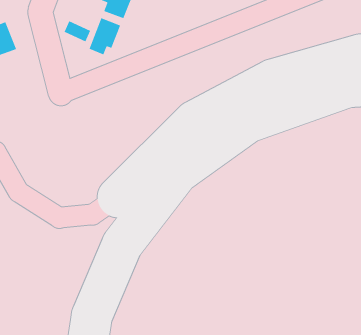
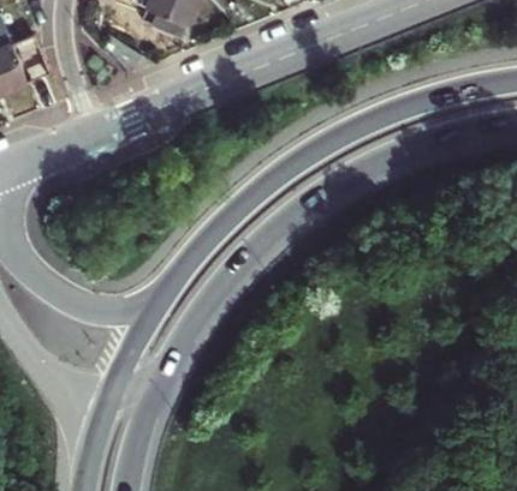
building: [88,17,121,56] -> none

